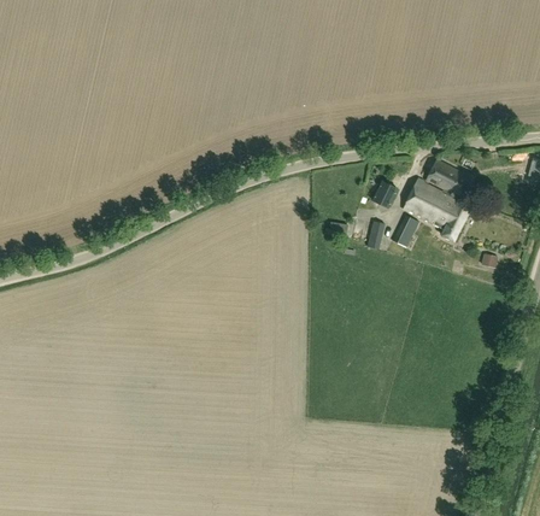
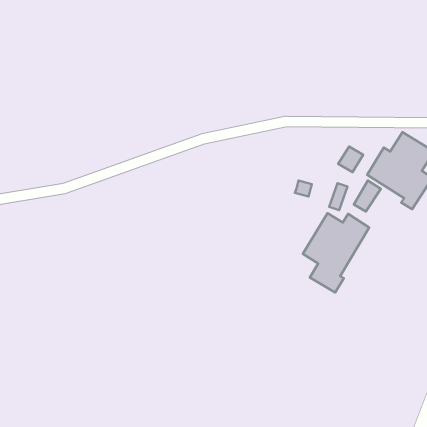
building: none -> [303,213,369,292]

